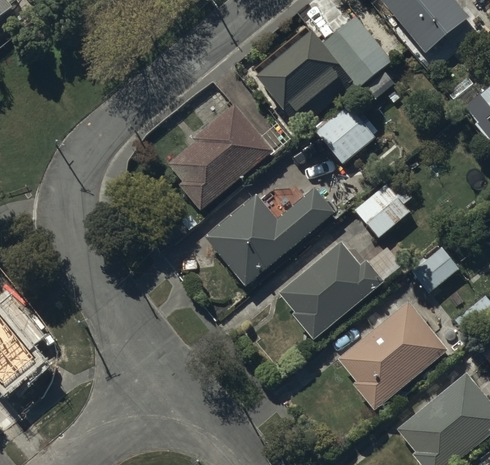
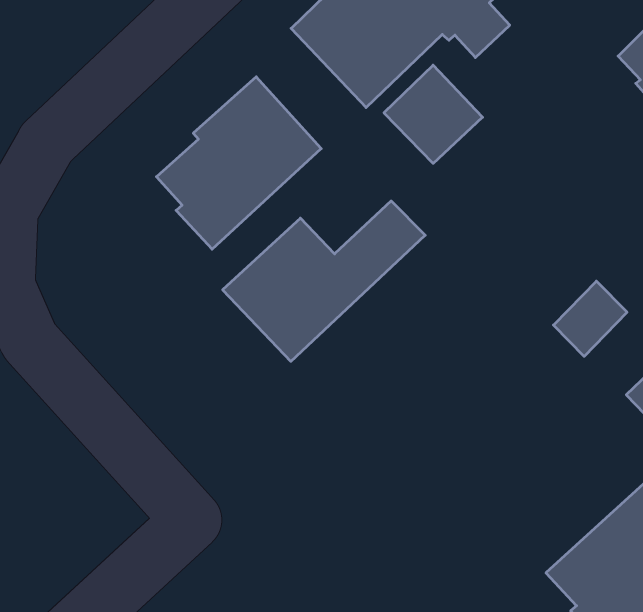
building: [354,183,412,238] -> none
building: [280,241,385,339] -> none
building: [338,301,448,410] -> none

